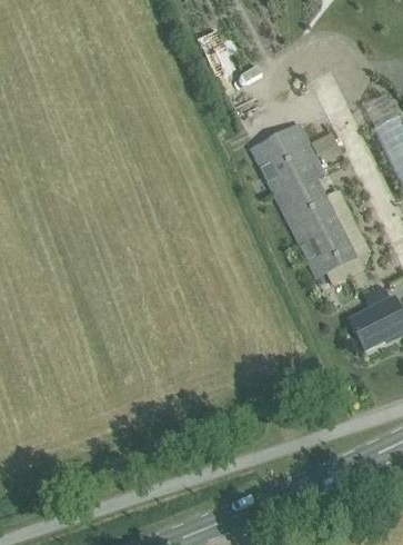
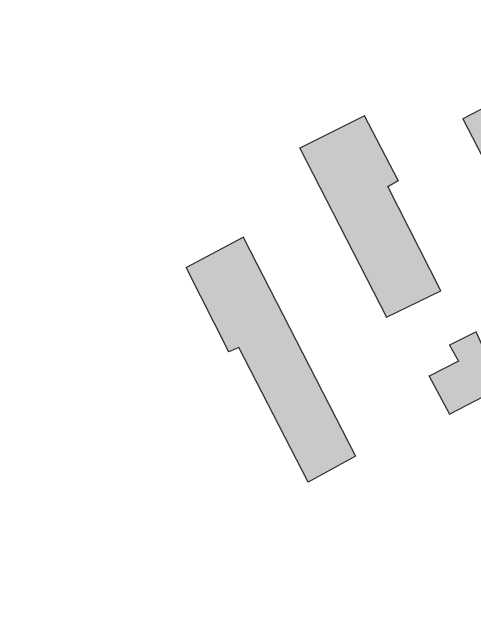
building: none -> [186,237,356,482]

